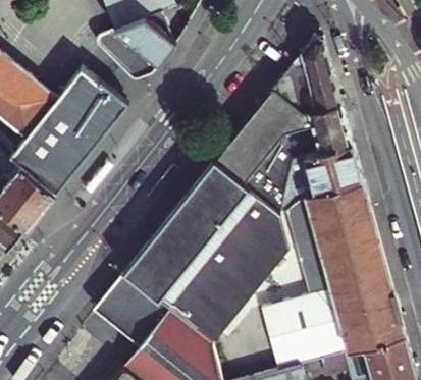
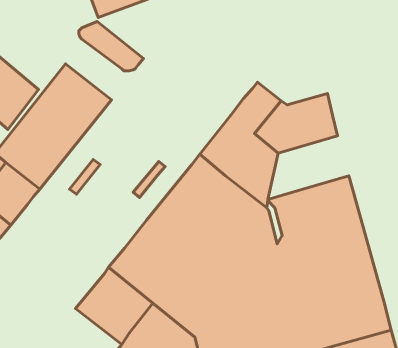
building: [112,16,178,67] -> none
building: [271,36,340,113] -> none
building: [281,144,362,207] -> none

